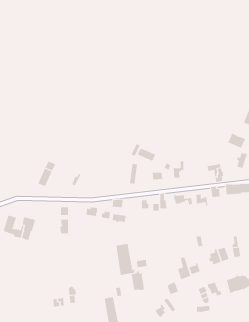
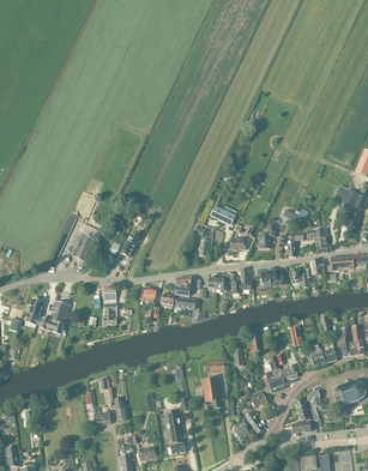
building: [116,243,135,276] -> none

